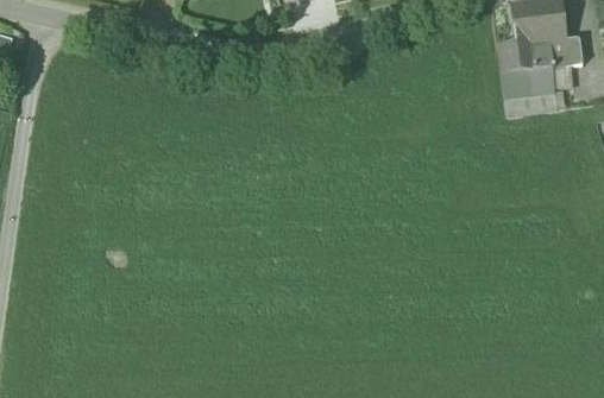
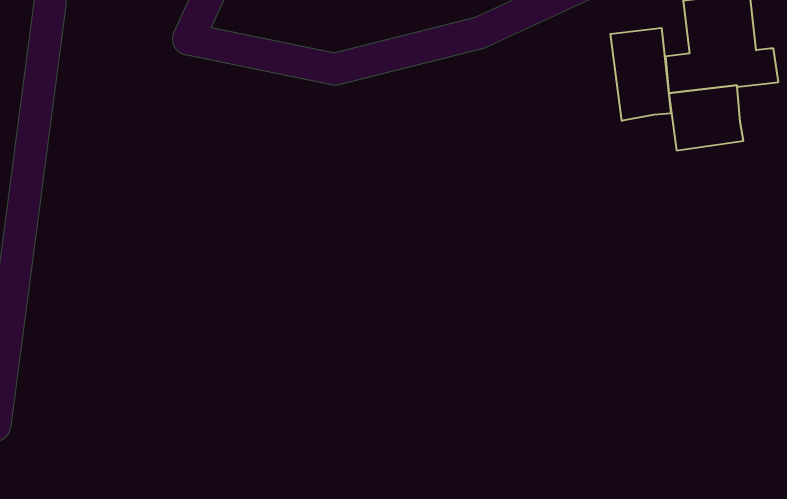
building: none -> [610,28,671,121]

